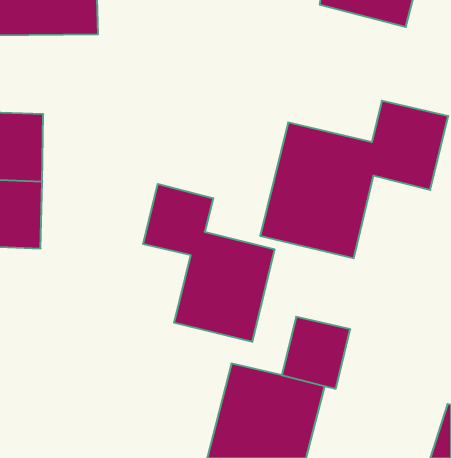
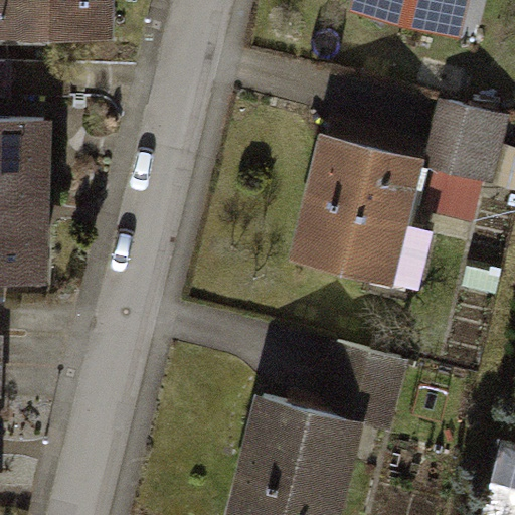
building: [143,184,274,342] -> none

